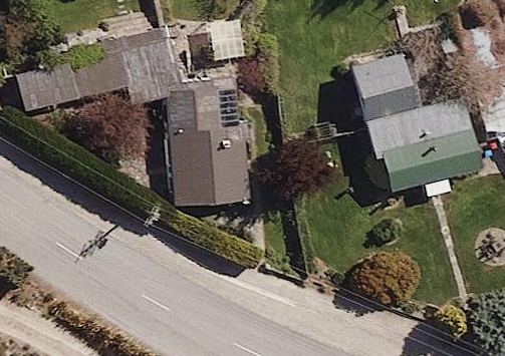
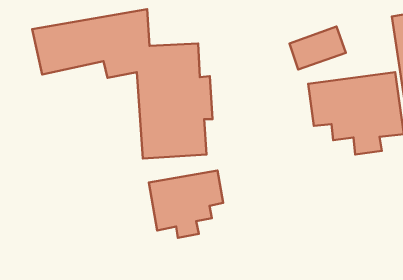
building: none -> [149,171,223,238]

